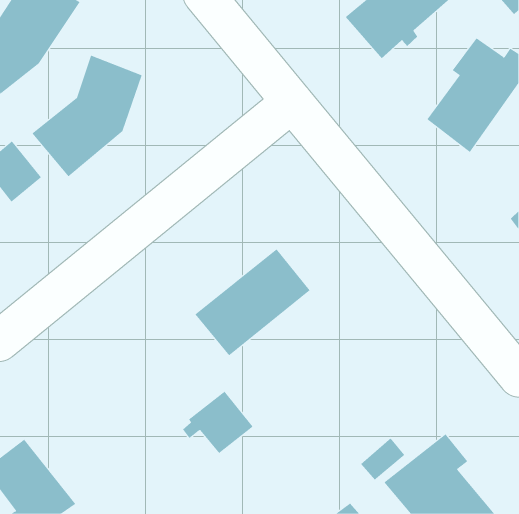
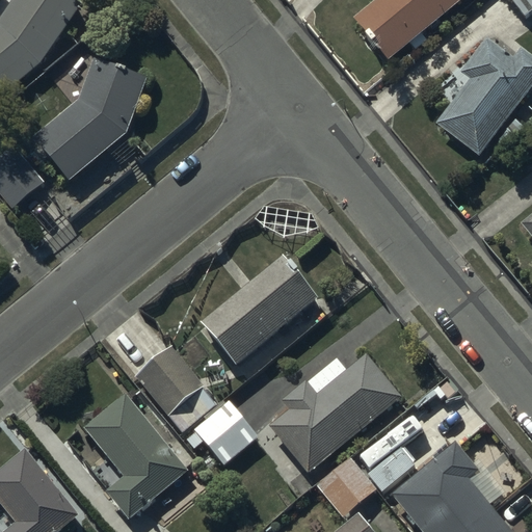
building: none -> [134,347,214,431]
building: none -> [268,352,400,473]
building: none -> [85,393,189,520]
building: none -> [317,456,376,515]

